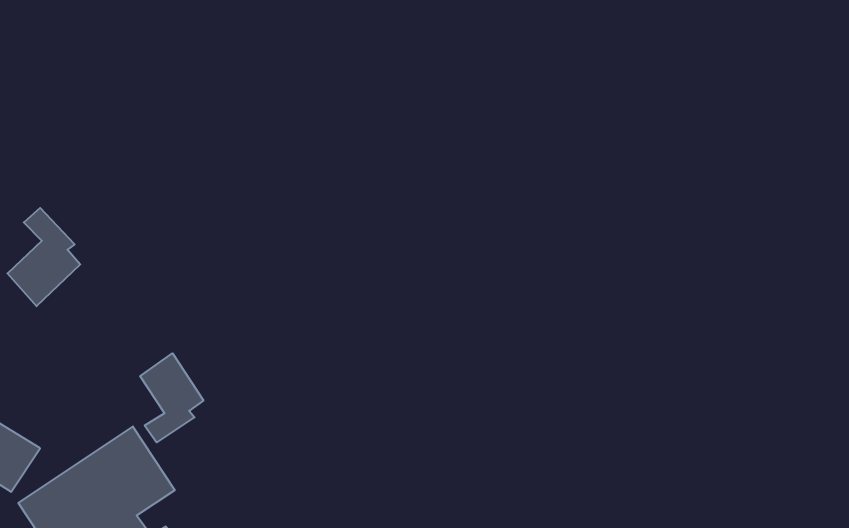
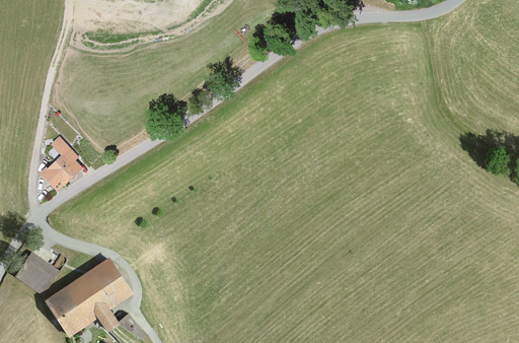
building: [140,353,203,442] -> none

